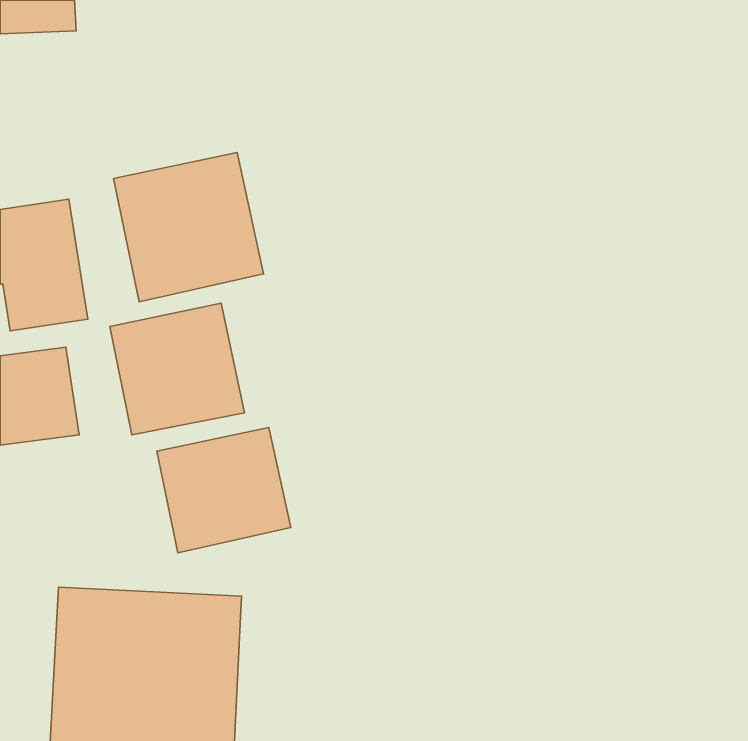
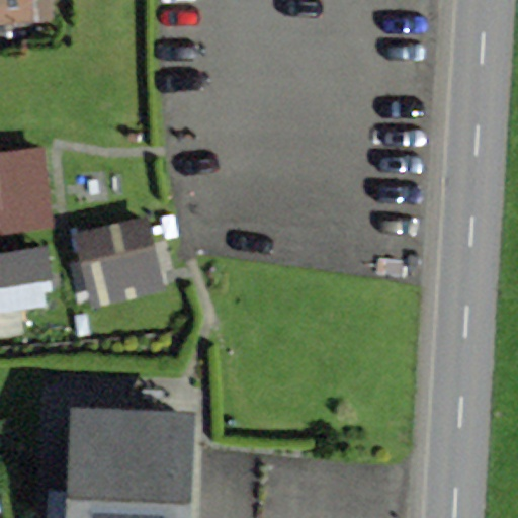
building: [113,153,264,302] -> none
building: [157,428,291,553] -> none

